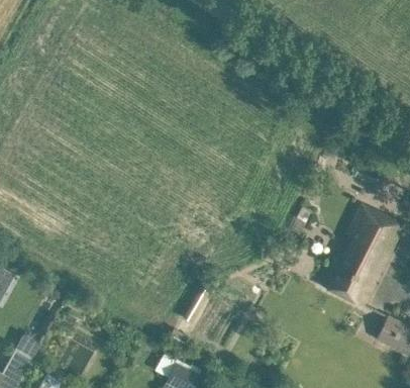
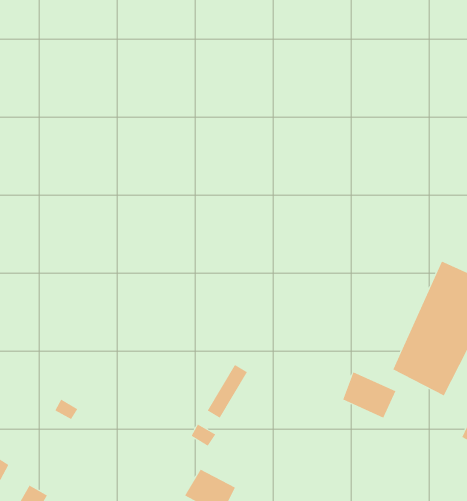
building: none -> [342,371,396,419]

